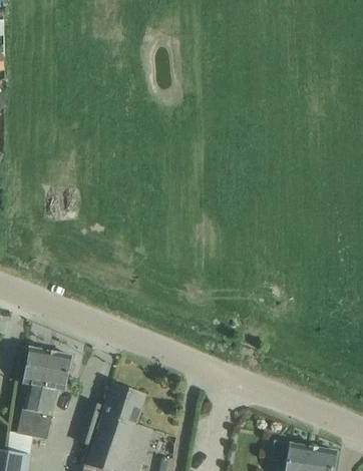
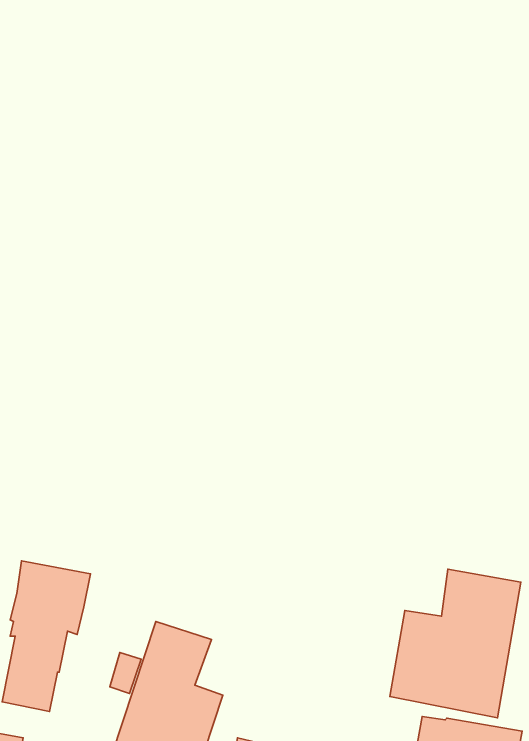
building: none -> [390,569,521,718]

